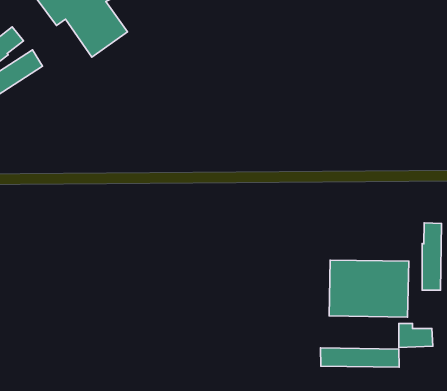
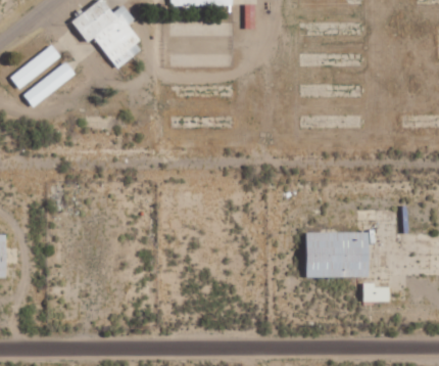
building: [422,223,442,290] -> none
building: [321,348,399,367] -> none

